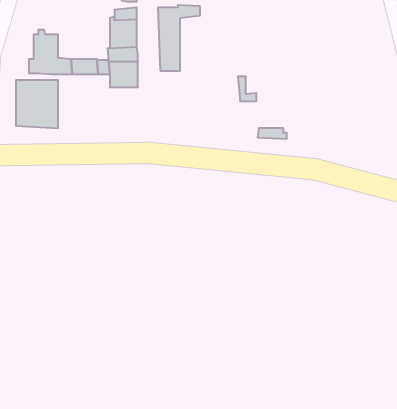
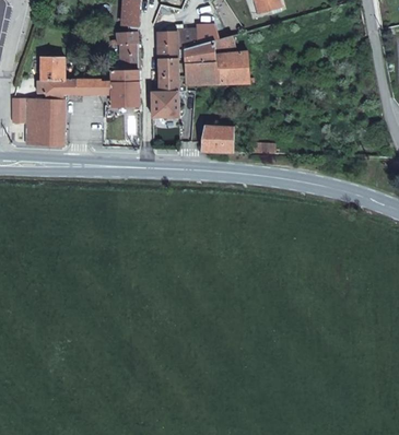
building: none -> [185,35,253,91]
building: none -> [151,91,184,117]
building: none -> [202,122,234,152]

